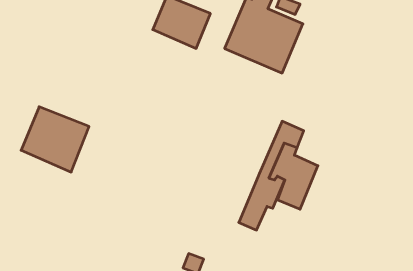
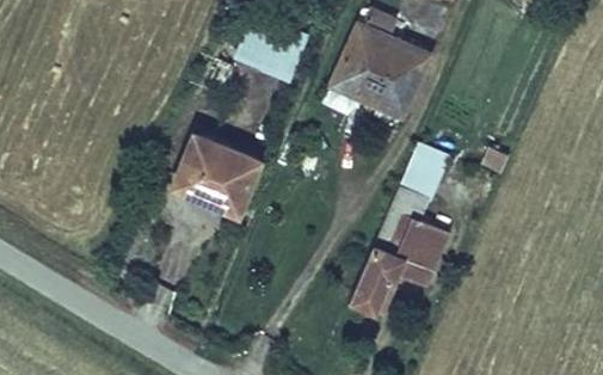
building: none -> [393,148,436,195]
building: [21,107,89,172] -> [162,143,248,226]

